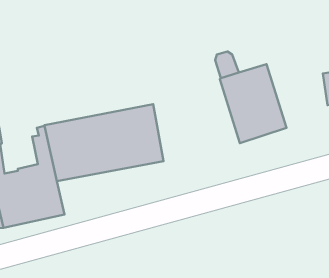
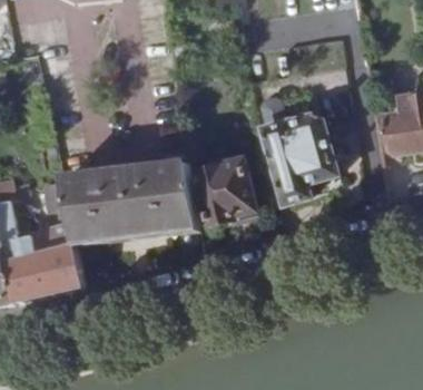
building: none -> [200,158,258,222]

